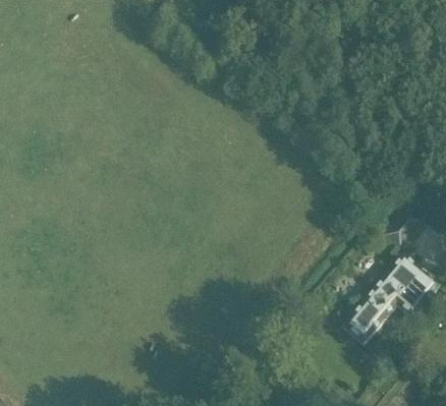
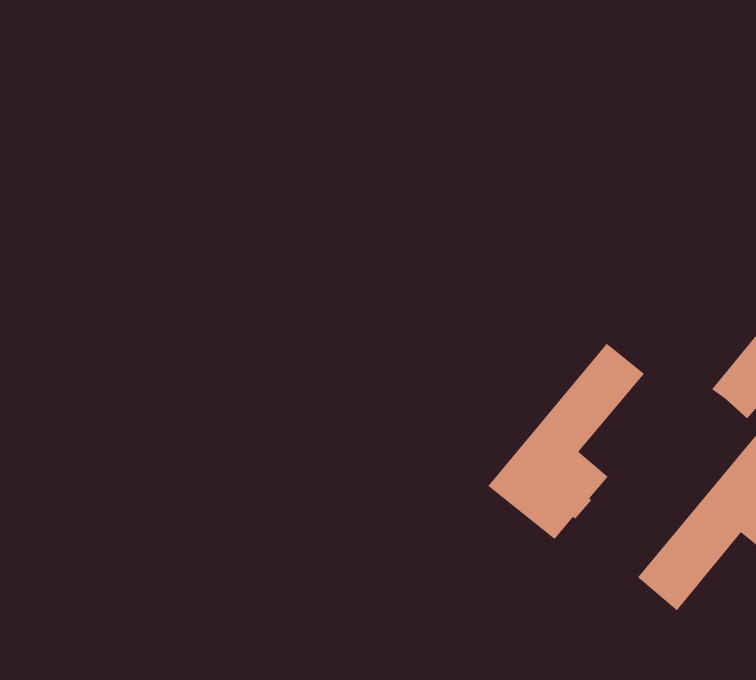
building: none -> [488,343,645,540]

